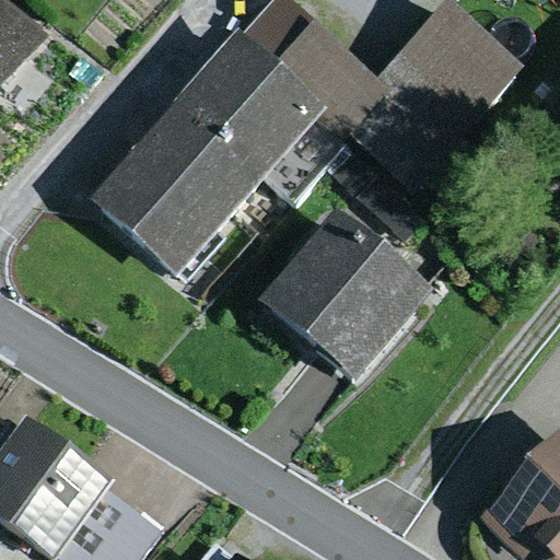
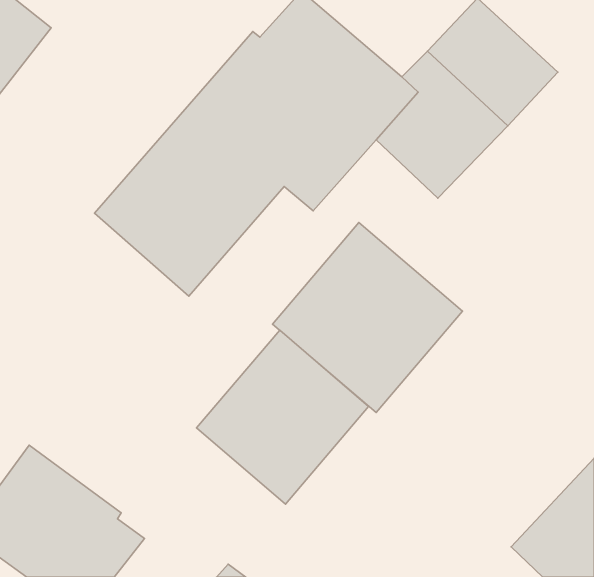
building: none -> [196,330,369,504]

